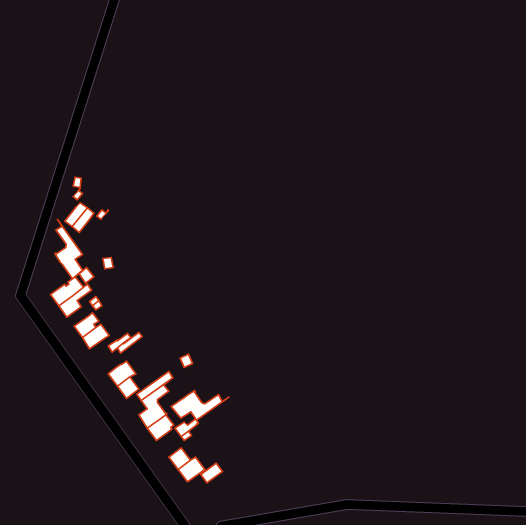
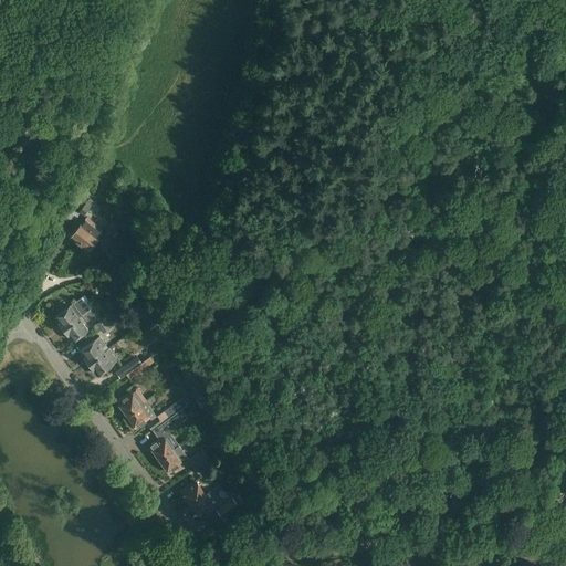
building: [55,219,83,279] -> none
building: [171,391,229,420] -> none

